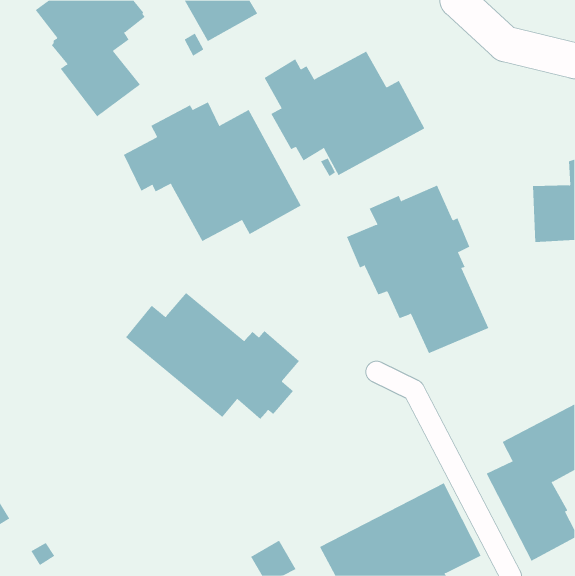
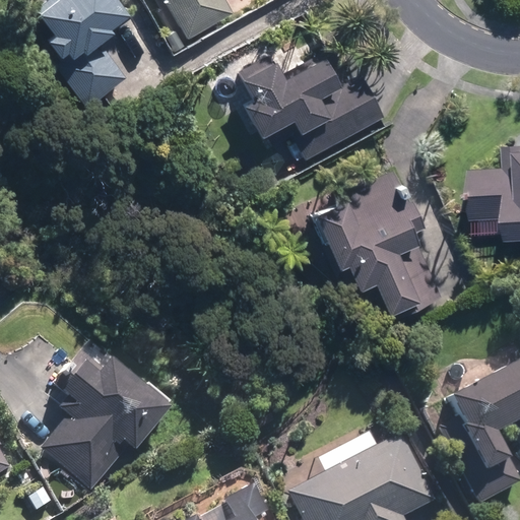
building: [123,102,301,242] -> none
building: [125,292,300,420] -> none
building: none -> [40,350,171,491]

